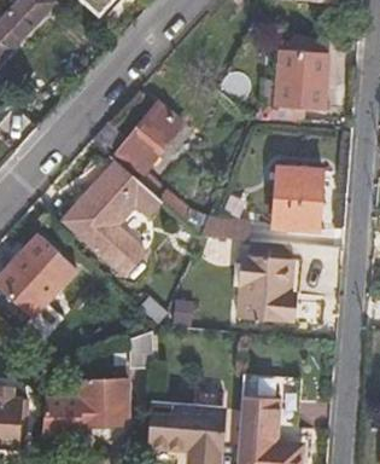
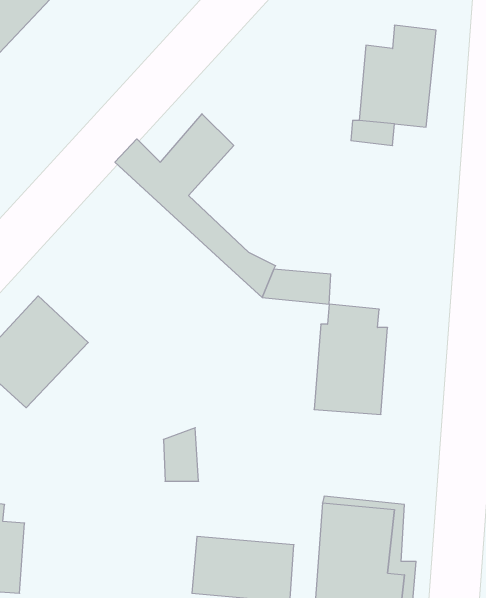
building: [60,151,174,273] -> none
building: [274,166,332,230] -> none
building: [43,382,129,435] -> none

